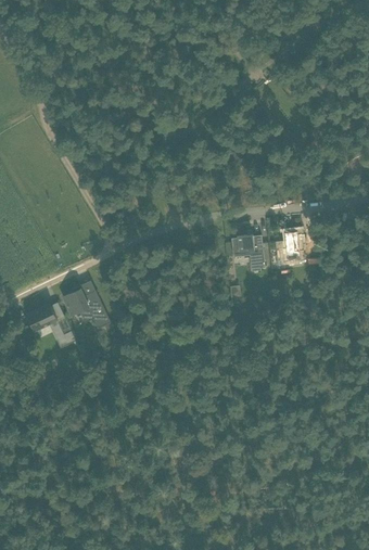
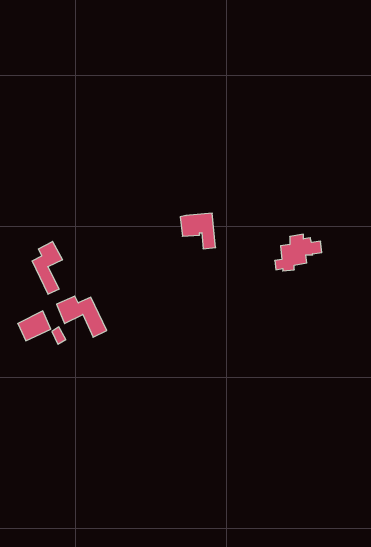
building: [231,234,265,268] -> [180,213,216,249]
building: none -> [32,241,62,294]

